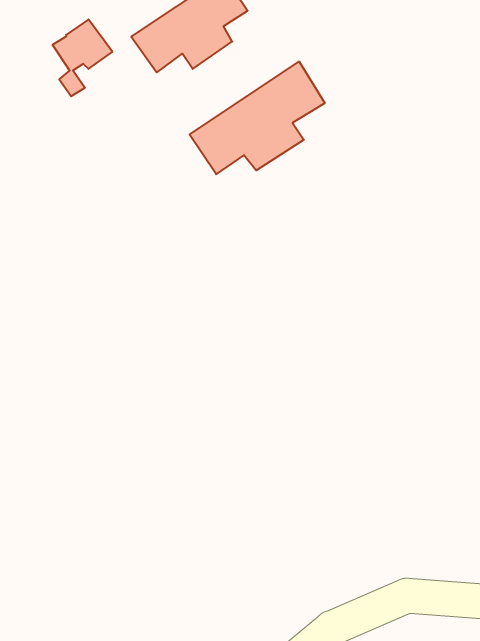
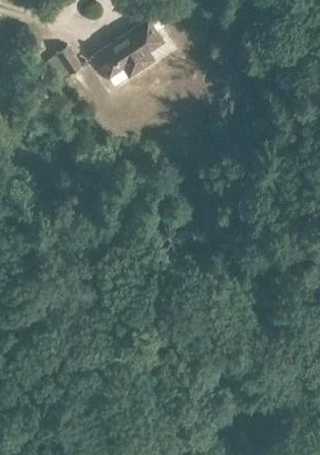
building: [190,61,325,174] -> none

